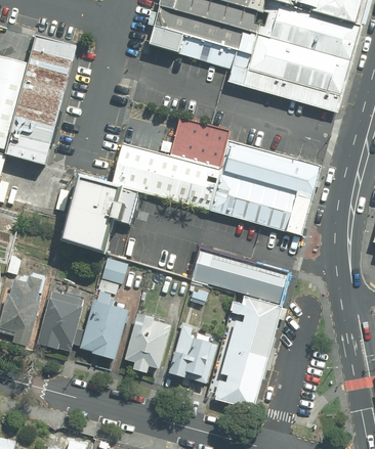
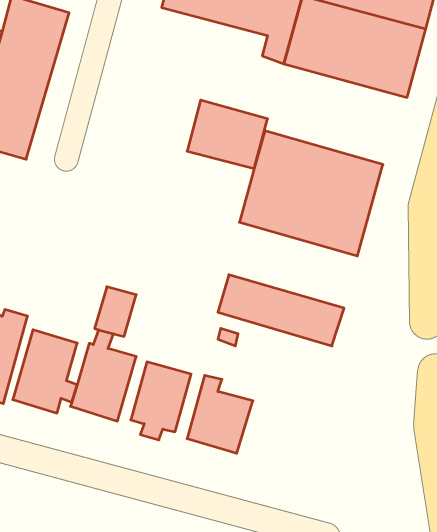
building: [111,141,219,209] -> none
building: [61,178,136,252] -> none
building: [213,296,283,410] -> none

